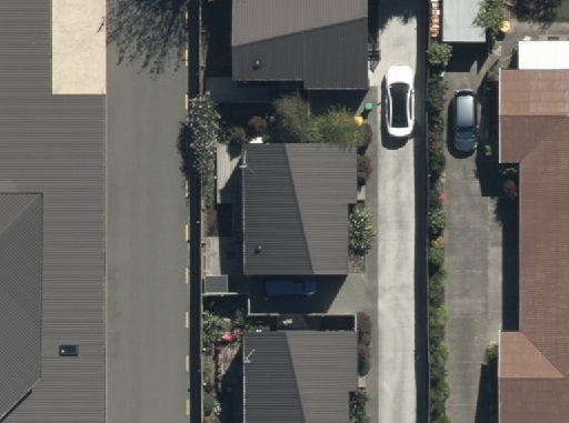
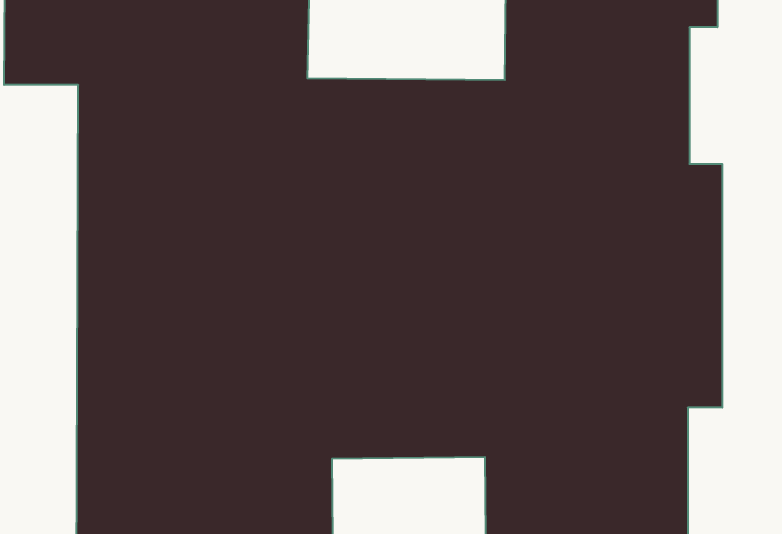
building: [250,148,360,275] -> none

